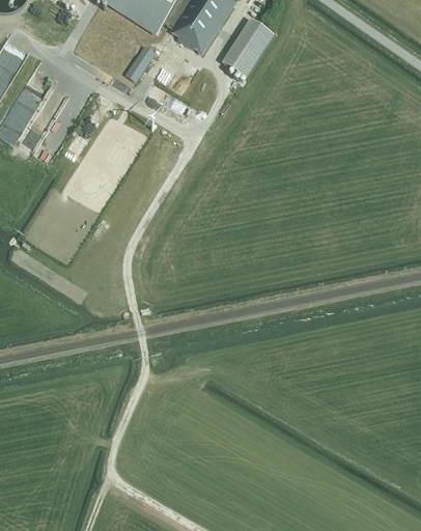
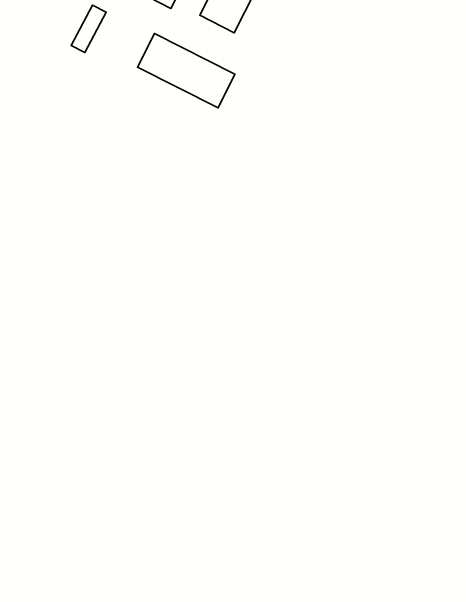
building: none -> [138,34,235,108]

